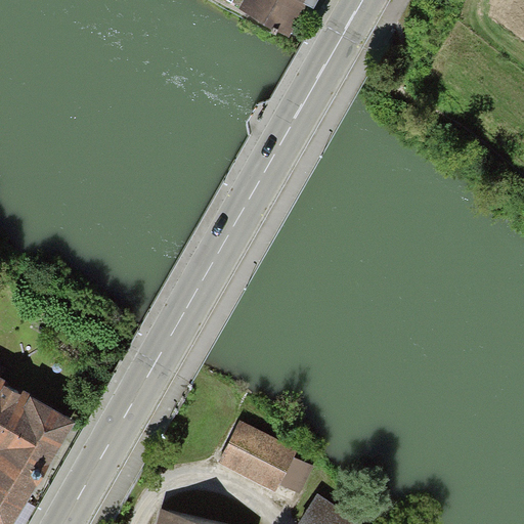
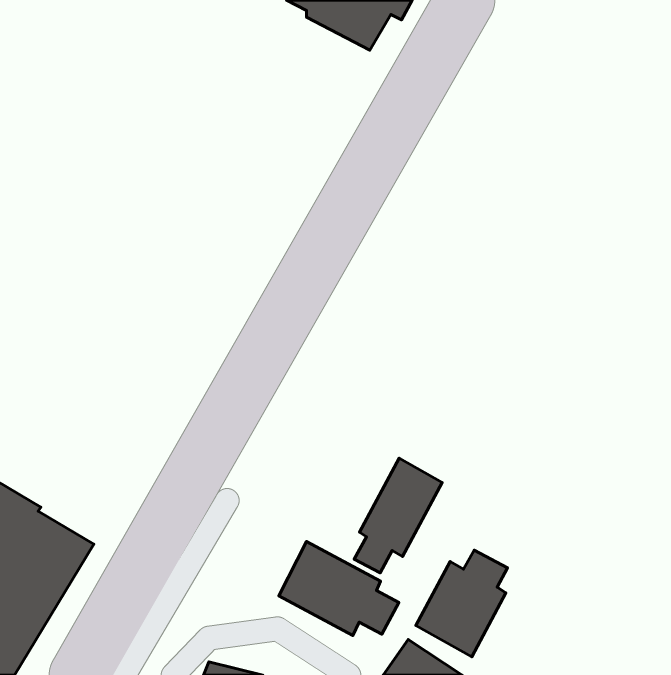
building: none -> [354,458,442,573]
building: none -> [416,550,508,657]

